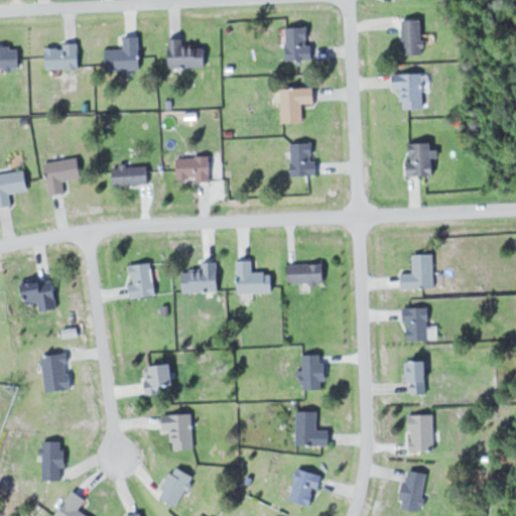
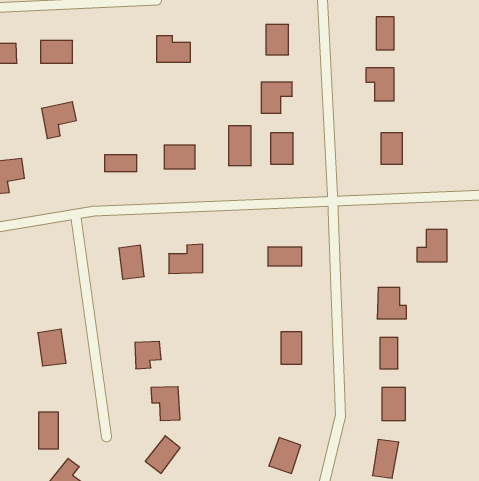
building: [104,36,138,70] -> none
building: none -> [229,126,251,166]
building: [43,157,81,197] -> [41,102,76,139]
building: [401,255,433,289] -> [417,230,447,262]
building: [235,261,271,294] -> none
building: [21,280,55,312] -> none
building: [294,411,329,446] -> none

